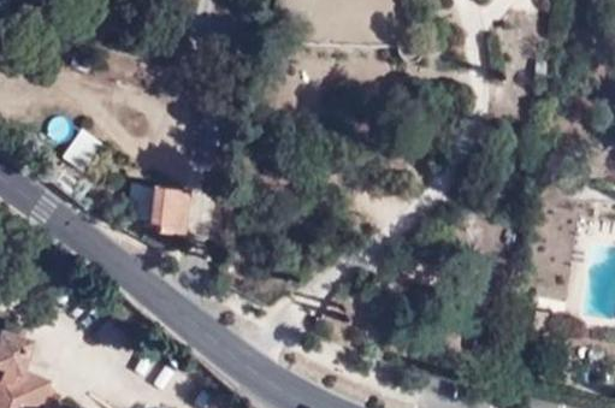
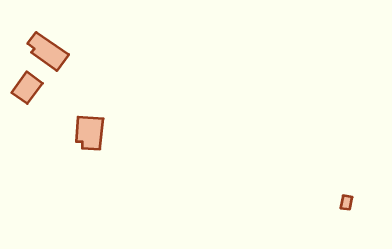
building: none -> [28,32,69,71]

